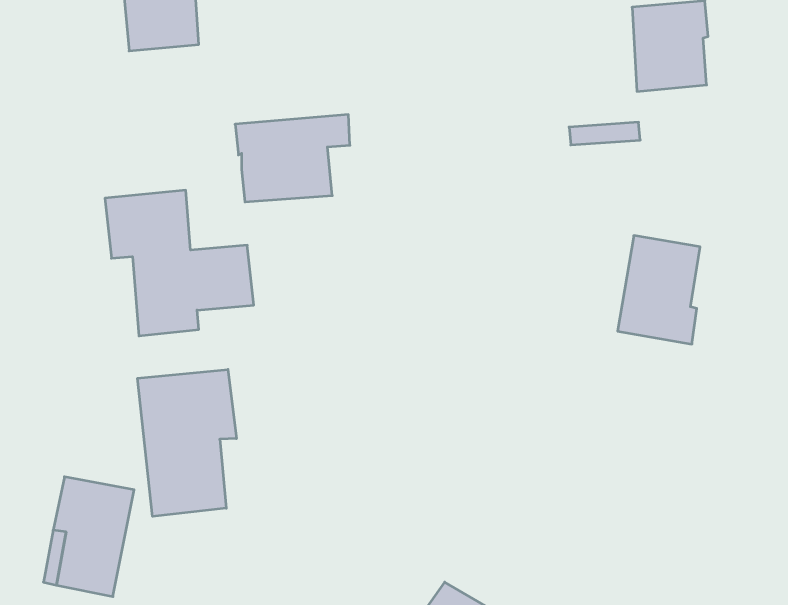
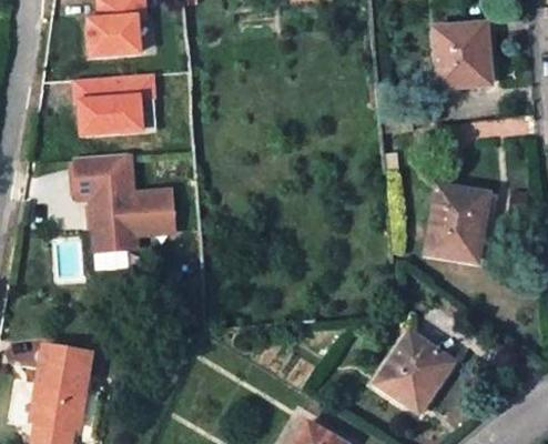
building: [235,115,350,202] -> [73,73,152,133]
building: [138,369,236,516] -> none
building: none -> [377,331,449,412]

